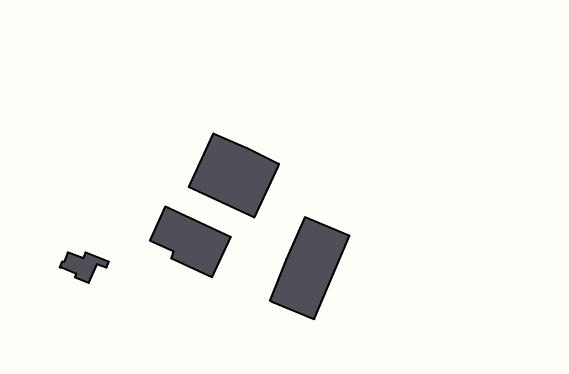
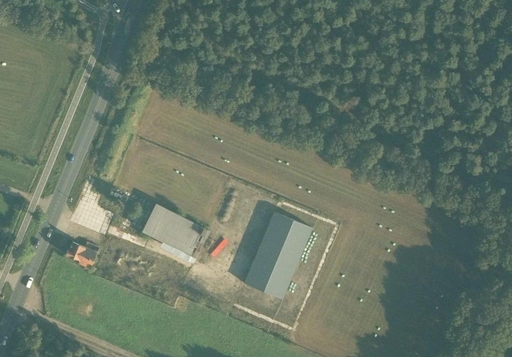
building: [189,133,279,218] -> none

